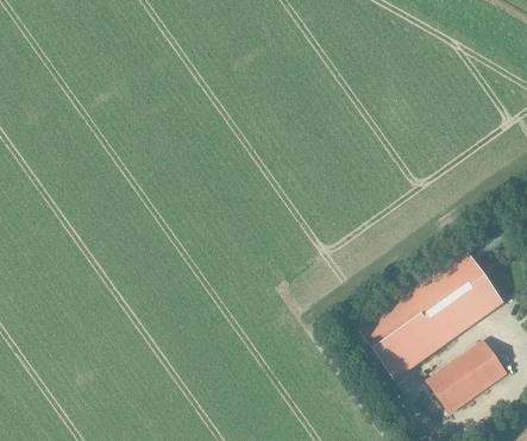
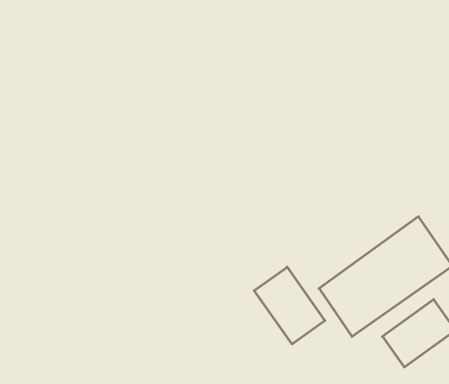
building: none -> [254,267,325,344]

